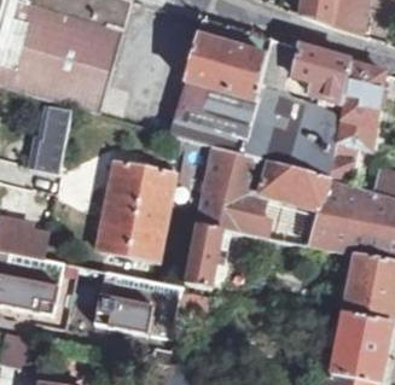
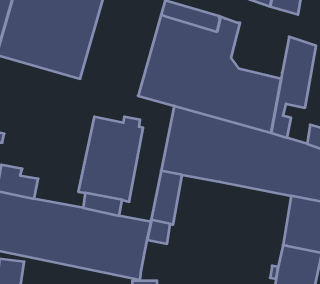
building: [291,45,350,103] -> none
building: [29,105,70,173] -> none

